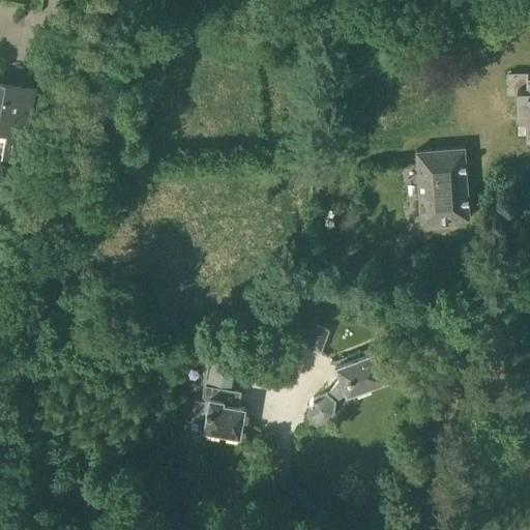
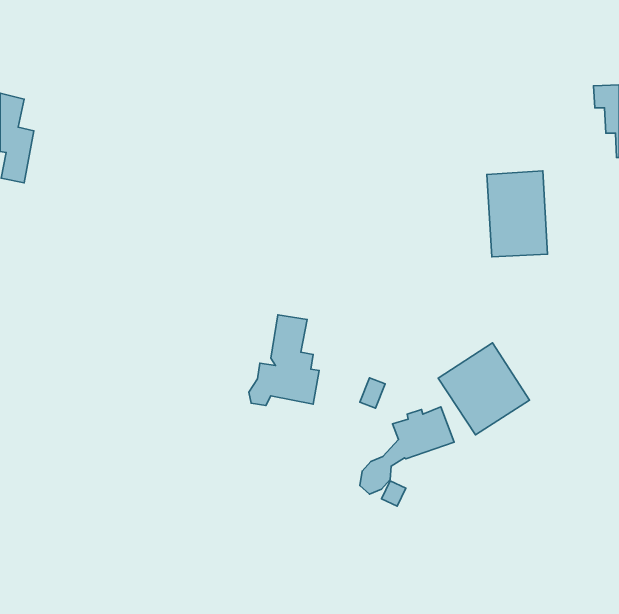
building: none -> [438,343,529,435]
building: [184,362,244,440] -> [249,315,319,406]

